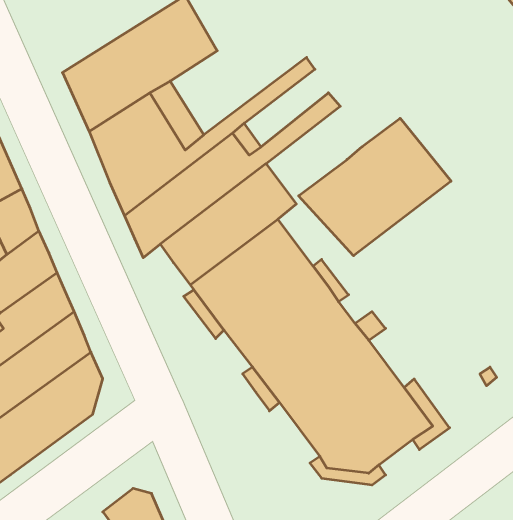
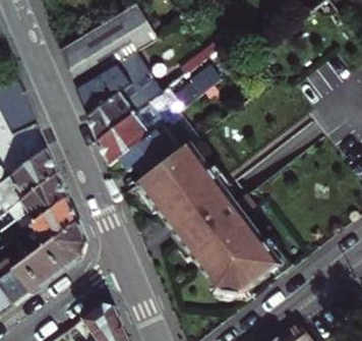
building: [299,118,451,256] -> none

